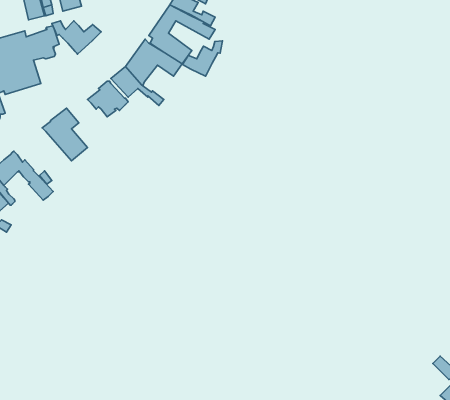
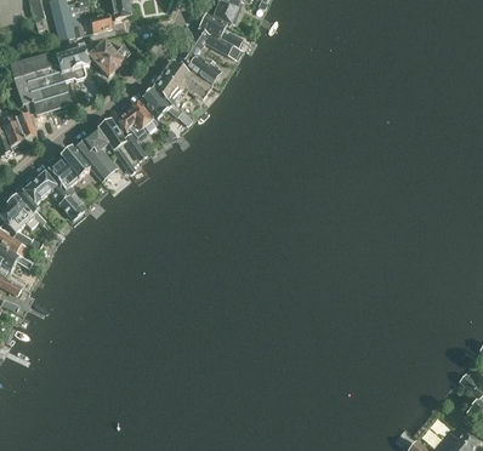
building: [182,41,222,76] -> none
building: none -> [98,118,147,171]
building: none -> [47,148,90,188]

